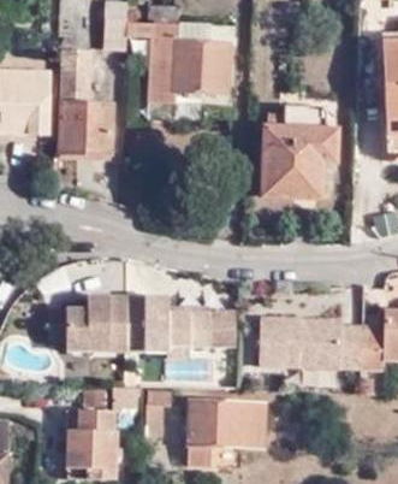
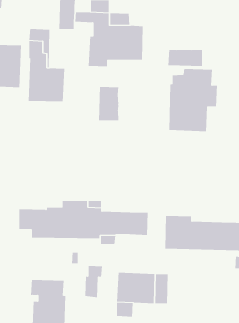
building: none -> [168,49,203,67]
building: none -> [99,86,119,121]

